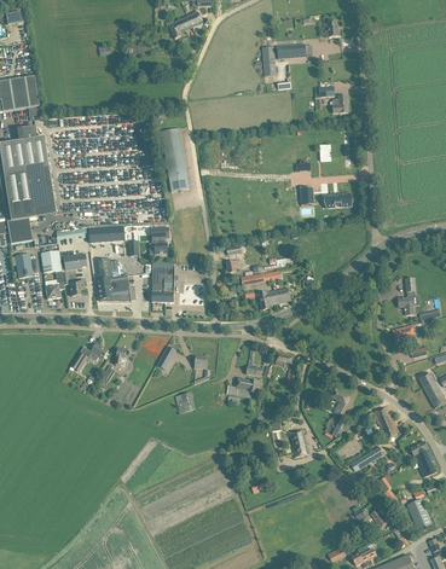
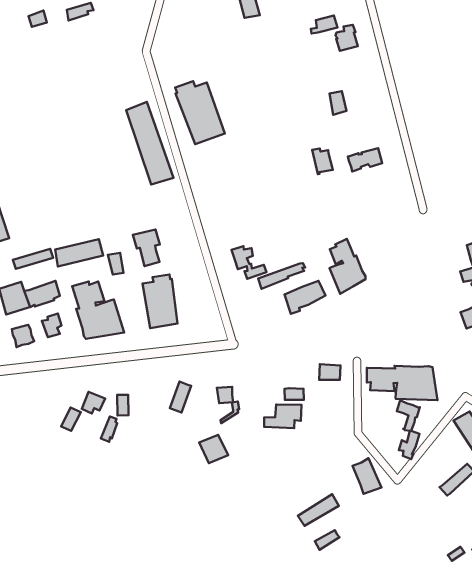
building: none -> [175,81,225,144]
building: none -> [330,239,366,294]
building: none -> [367,366,437,400]

